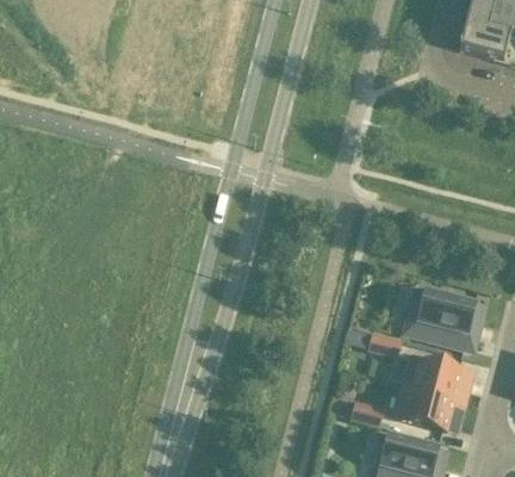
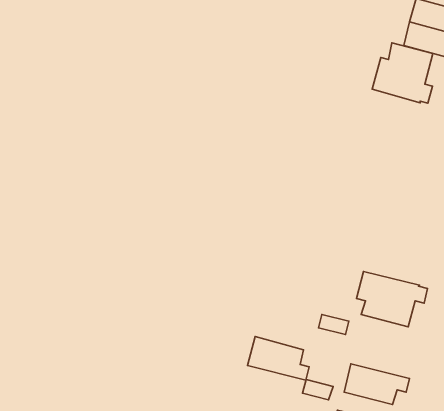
building: none -> [372,43,433,103]
building: [405,355,471,402] -> [247,336,309,380]

